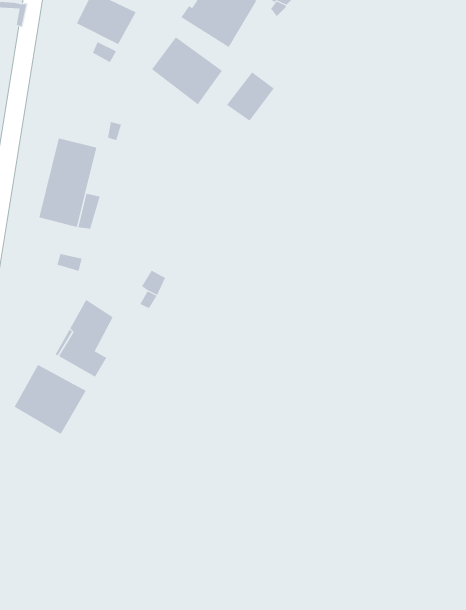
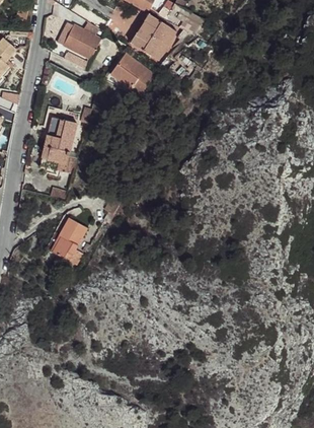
building: [226,72,274,121] -> none
building: [14,364,86,435] -> none

